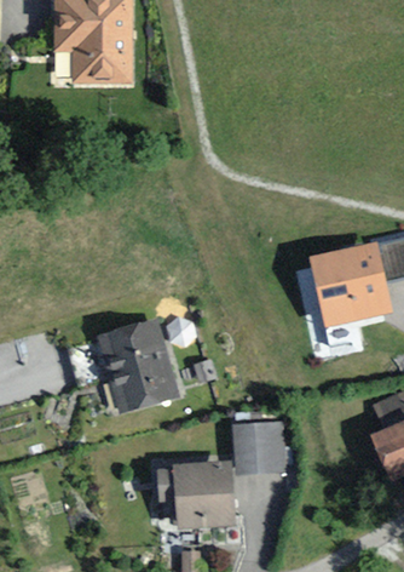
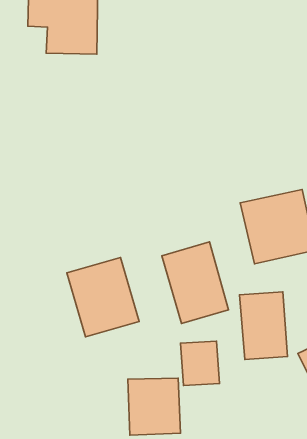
building: none -> [162,242,228,324]
building: none -> [239,292,287,360]

